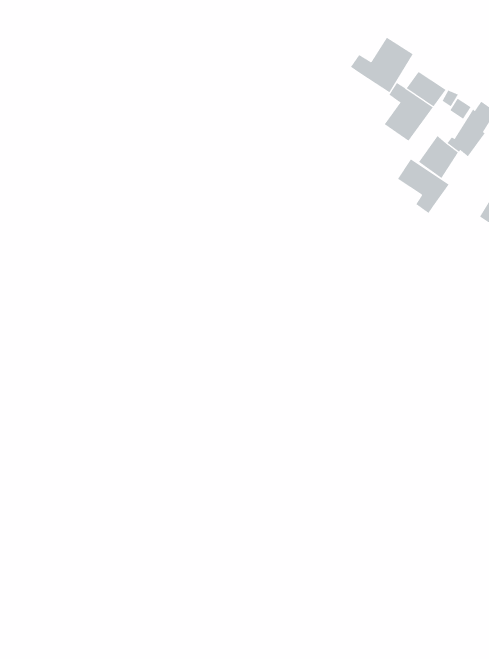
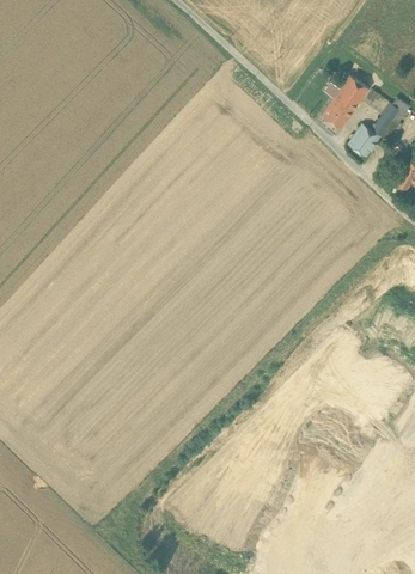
building: [350,37,413,93] -> none
building: [397,159,449,214] -> none

